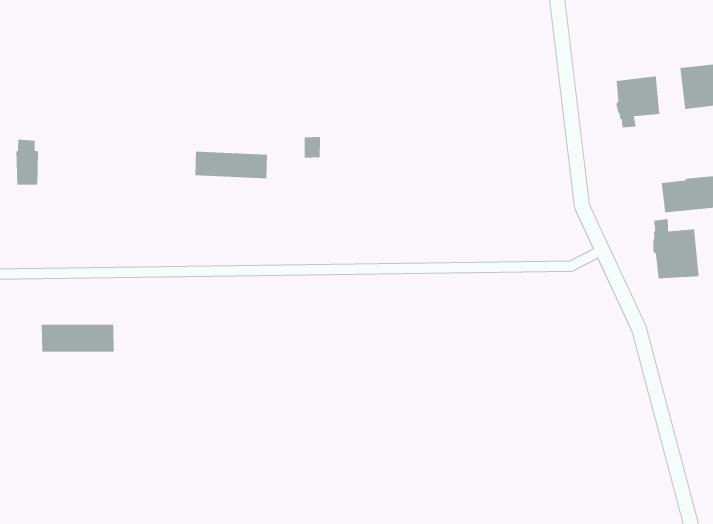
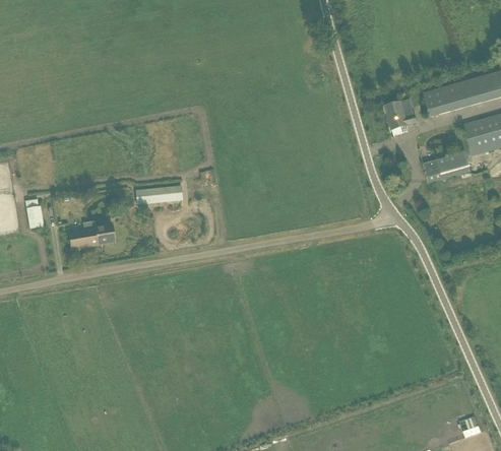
building: [652,218,699,279] -> none
building: [41,324,115,352] -> [67,224,115,249]

